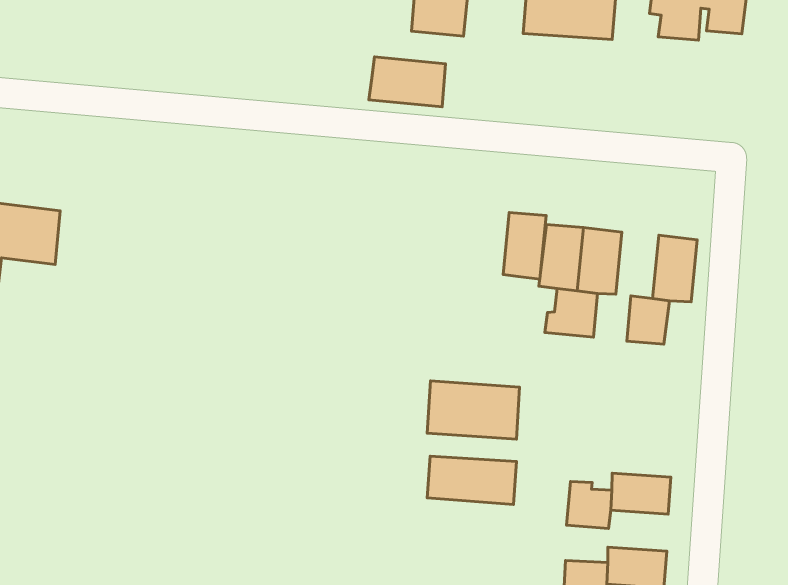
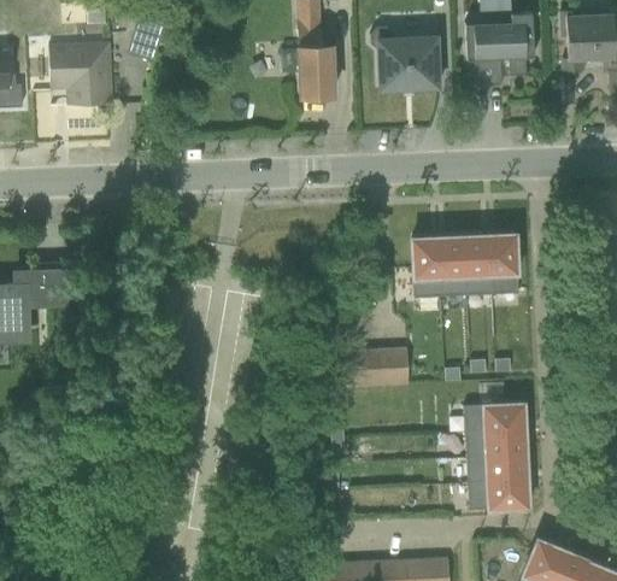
building: [369,57,446,107] -> none
building: [503,213,546,279] -> [466,227,494,272]
building: [427,456,516,504] -> none
building: none -> [483,424,527,453]

